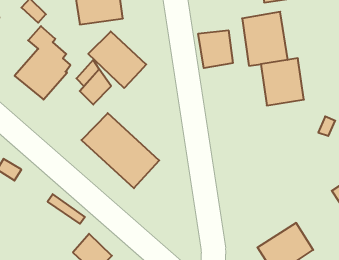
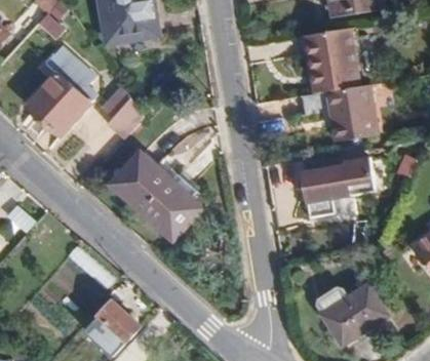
building: [198,30,233,68] -> none
building: [88,31,146,88] -> none
building: none -> [301,156,374,215]

